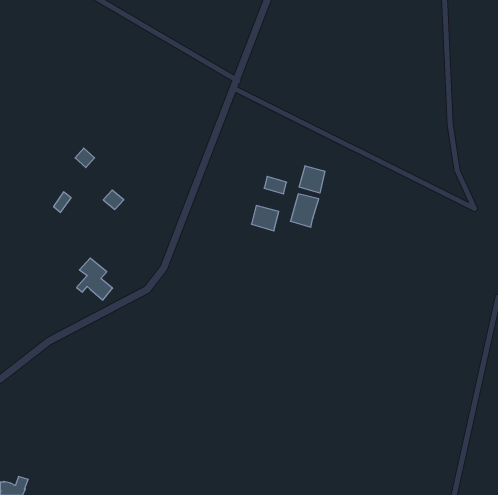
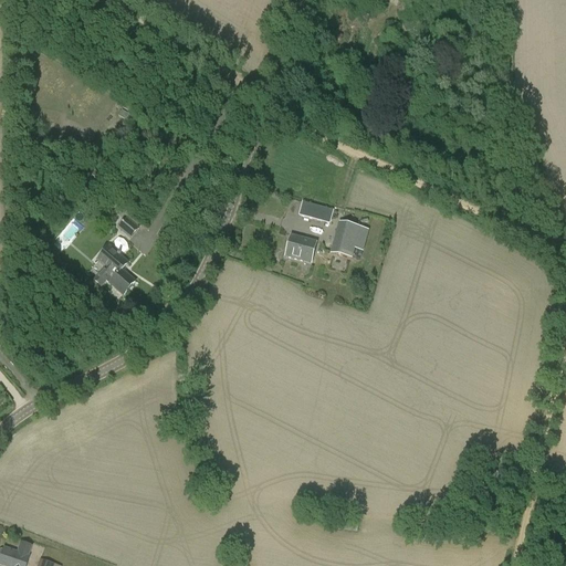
building: [299,166,325,193] -> none
building: [77,258,113,300] -> [94,245,135,293]

